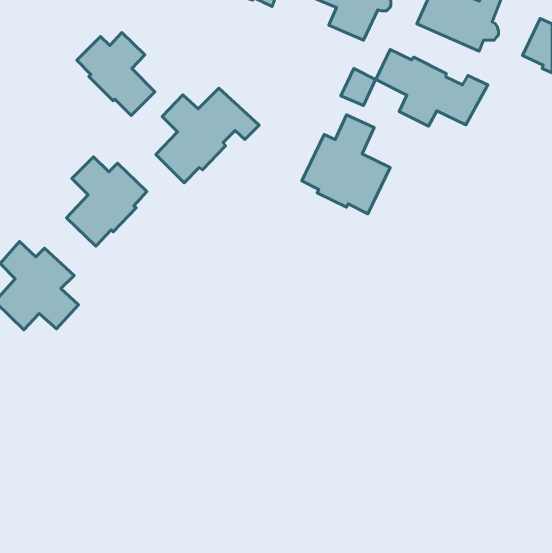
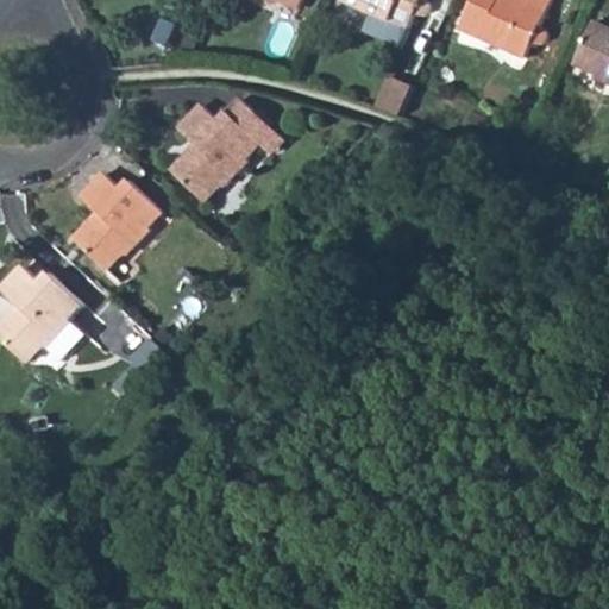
building: [77,33,155,116] -> none
building: [376,49,488,126] -> none
building: [302,115,390,214] -> none

